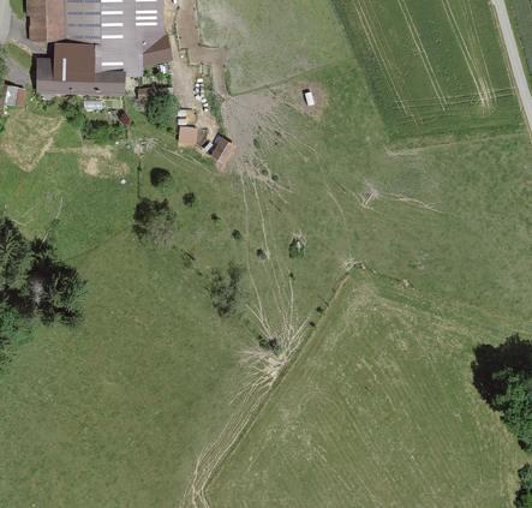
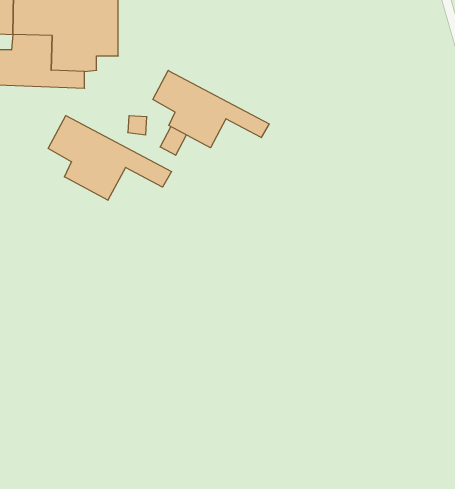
building: none -> [153,70,269,148]
building: none -> [48,116,172,200]

